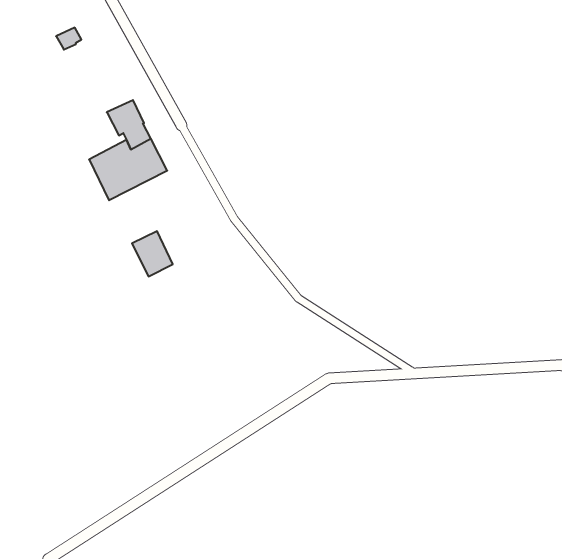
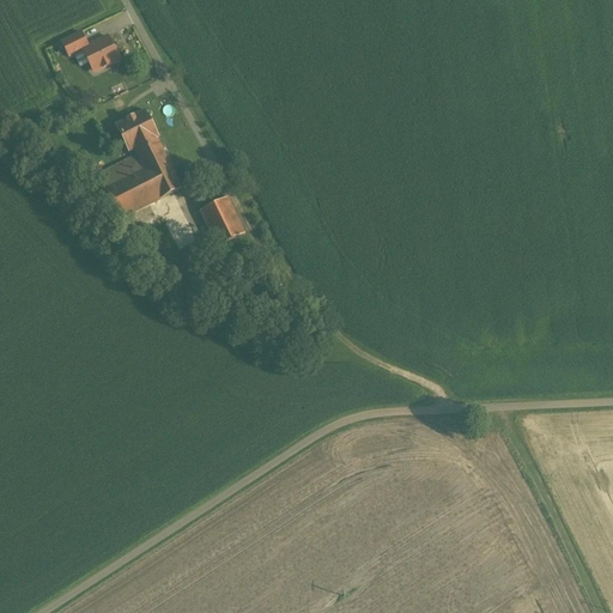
building: none -> [83,34,119,67]
building: [132,231,173,276] -> [200,195,244,244]

